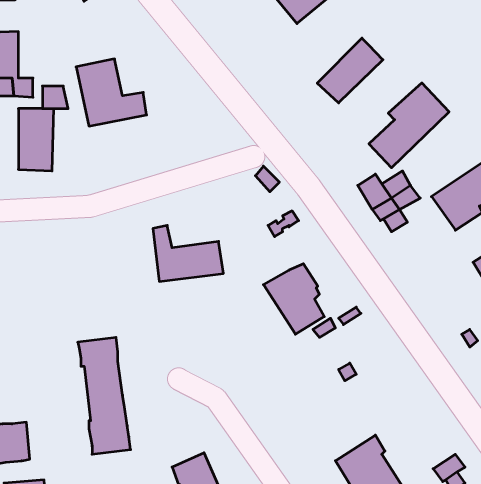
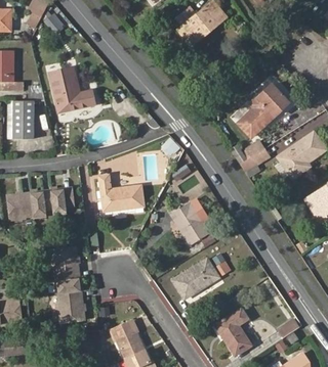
building: [317,38,383,103] -> none
building: none -> [6,188,72,221]
building: none -> [173,259,219,299]

